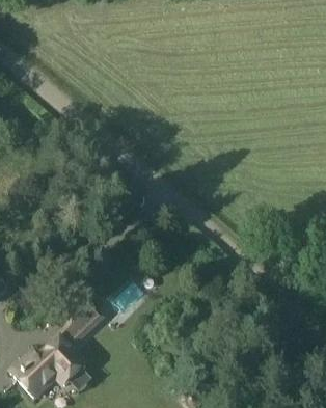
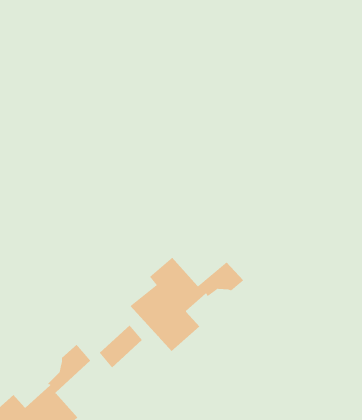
building: none -> [129,257,244,352]

